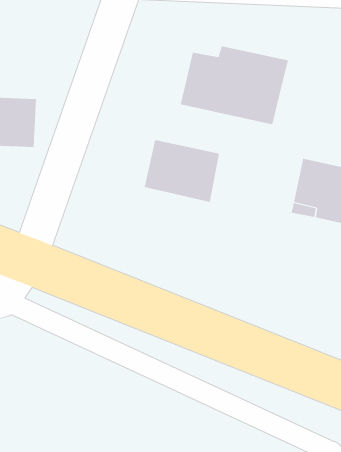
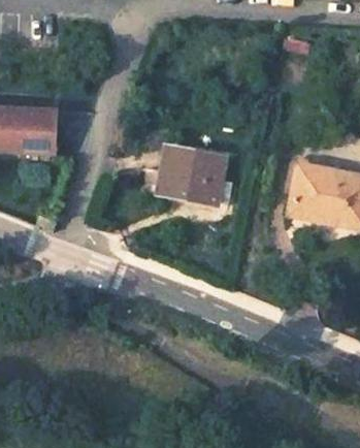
building: [180,46,289,125] -> none

